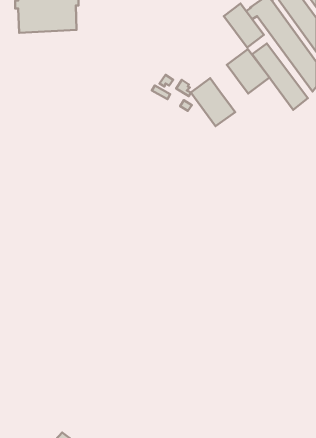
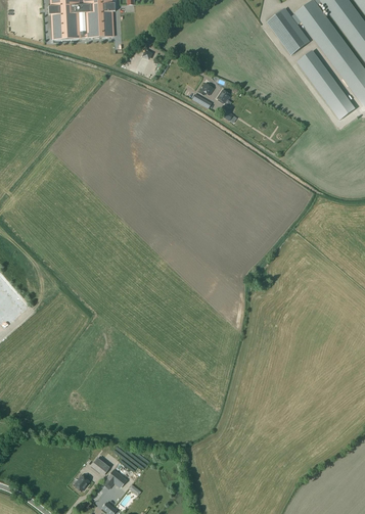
building: [227,49,269,93] -> none
building: [191,78,235,126] -> none

